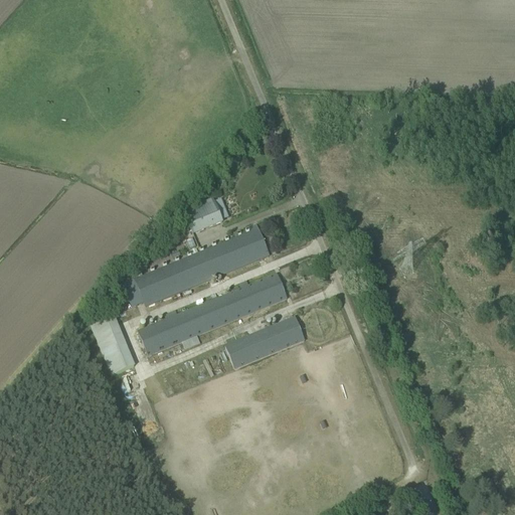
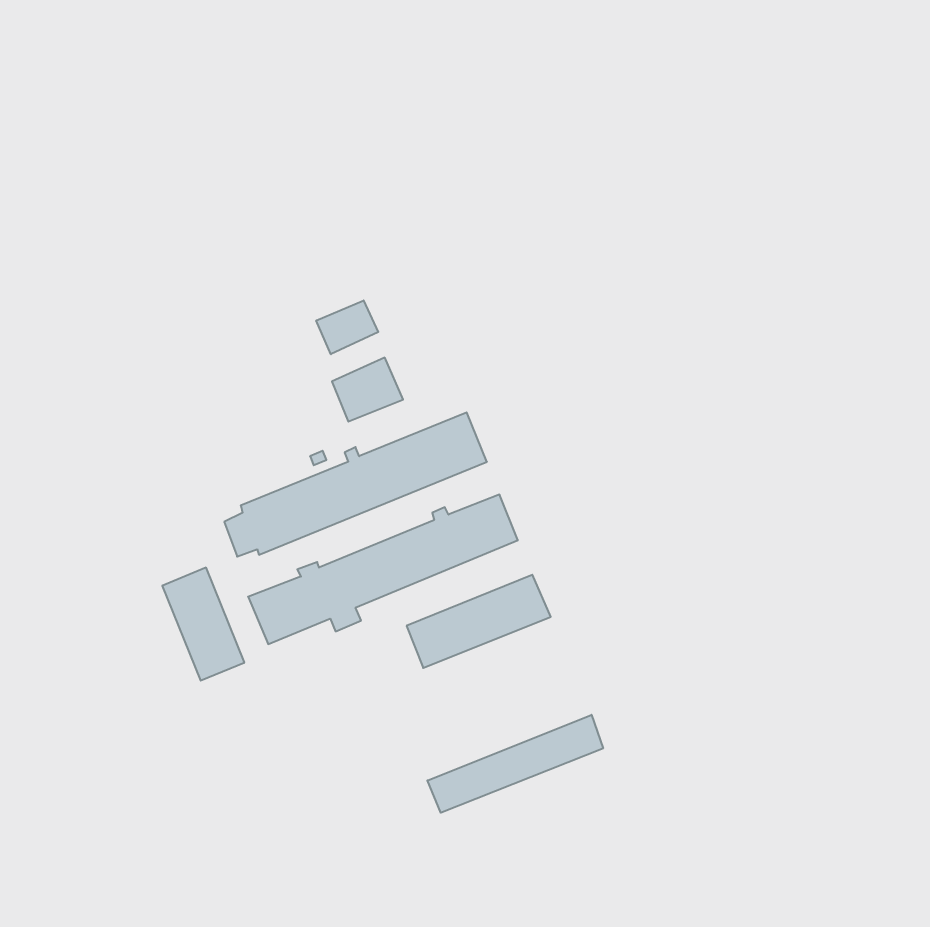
building: none -> [316,300,378,354]
building: none -> [427,715,603,813]

